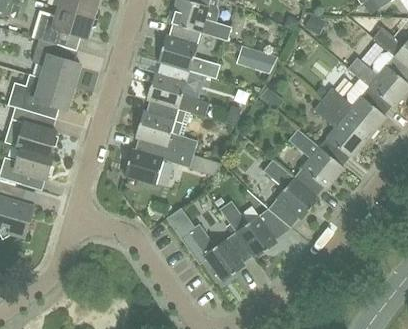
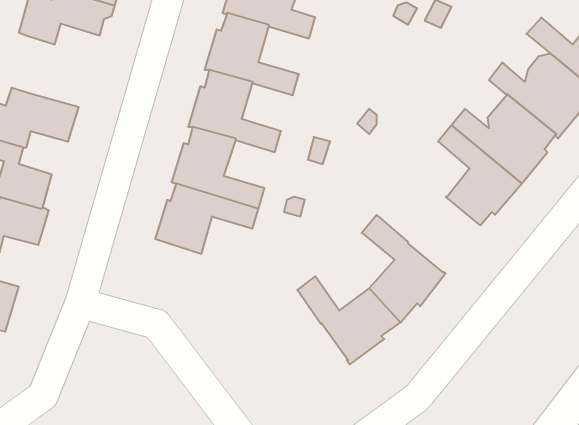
building: [31,39,80,87] -> none
building: [237,45,278,72] -> none
building: [288,129,344,197] -> none
building: [165,208,253,282] -> none

